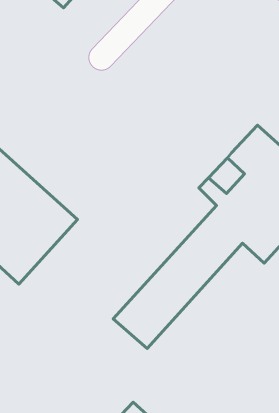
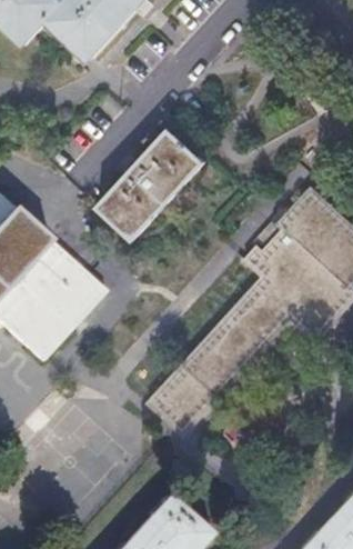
building: none -> [92,127,203,239]

